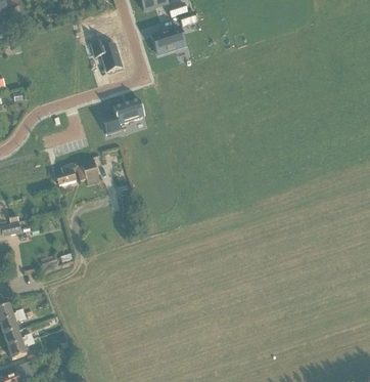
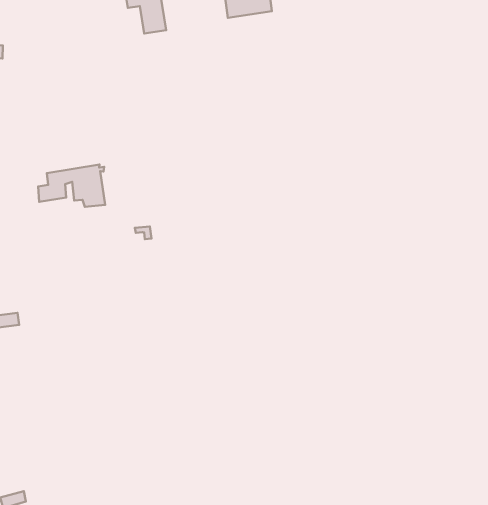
building: [102,99,144,135] -> none

